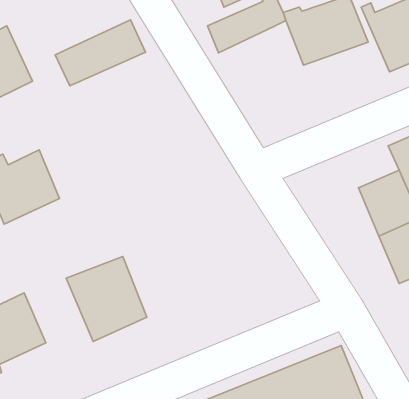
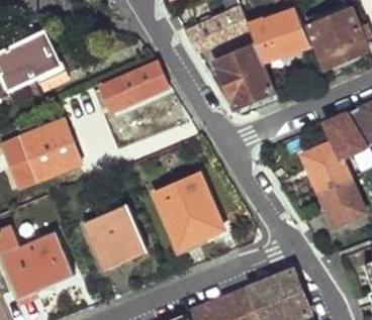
building: [55,20,145,86] -> [99,64,167,113]
building: none -> [216,28,275,107]
building: none -> [155,174,223,250]

